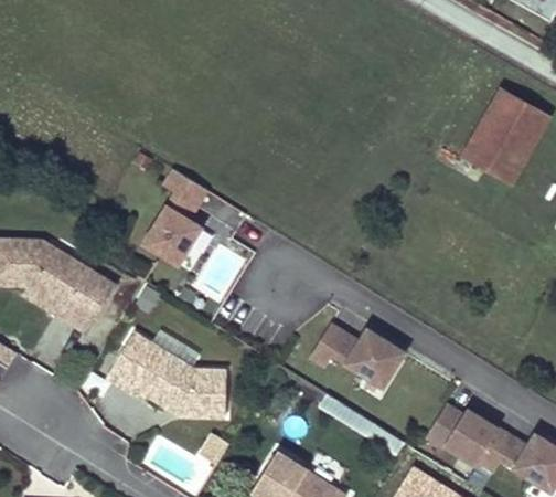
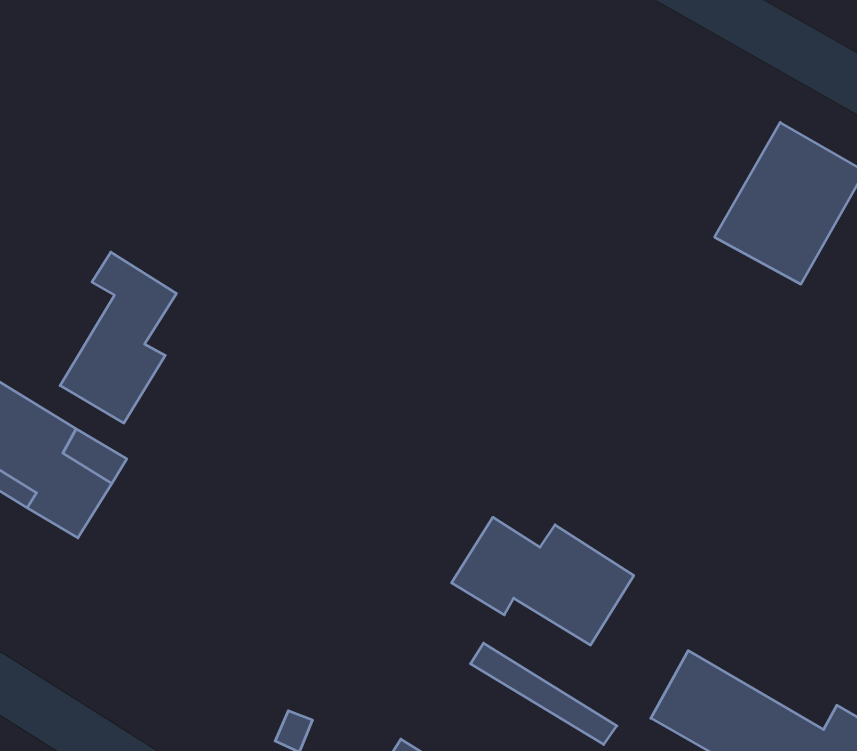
building: [142,168,211,268] -> [60,252,176,423]
building: [105,326,229,421] -> none

